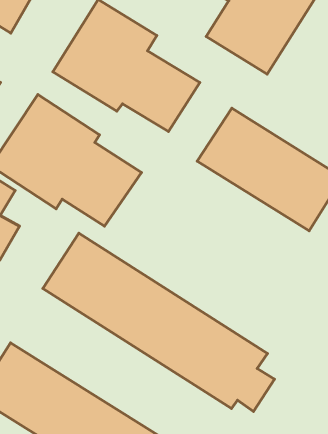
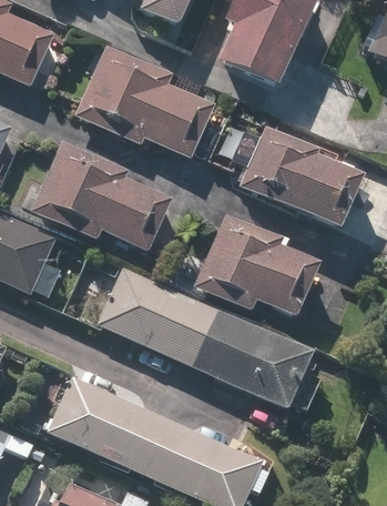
building: none -> [194,211,322,322]

